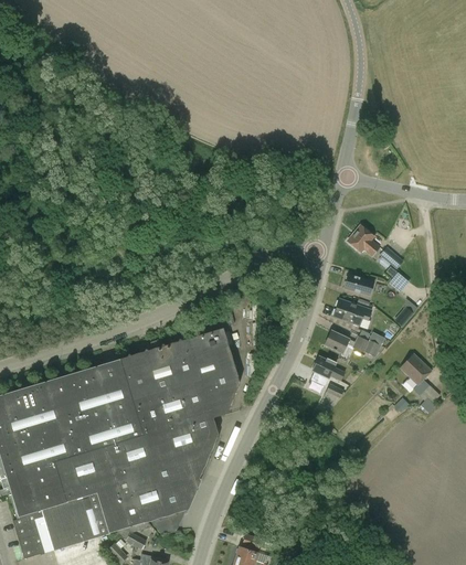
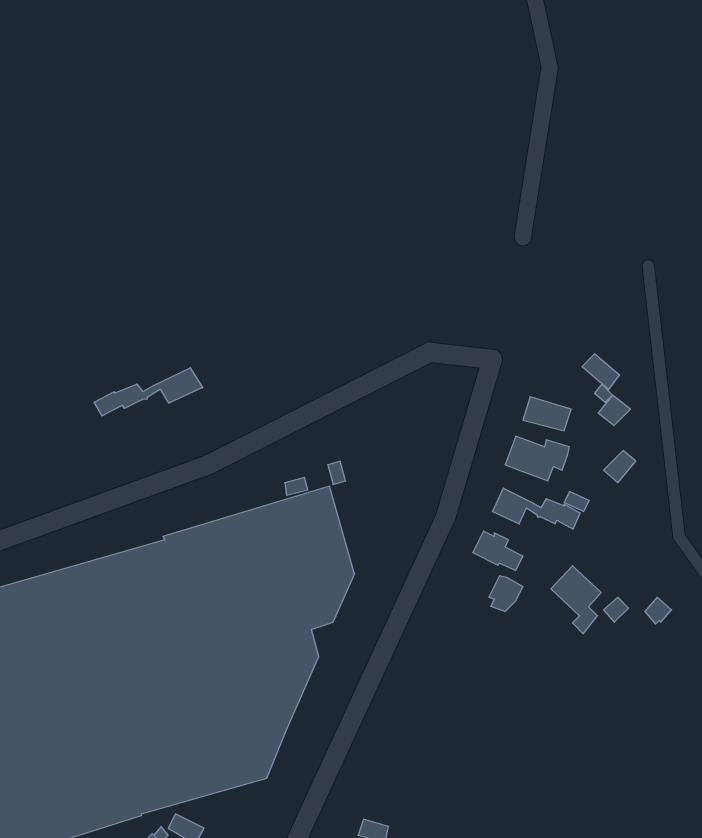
building: [347,225,379,256] -> none
building: none -> [94,368,203,416]
building: [400,353,431,395] -> [551,566,601,634]

